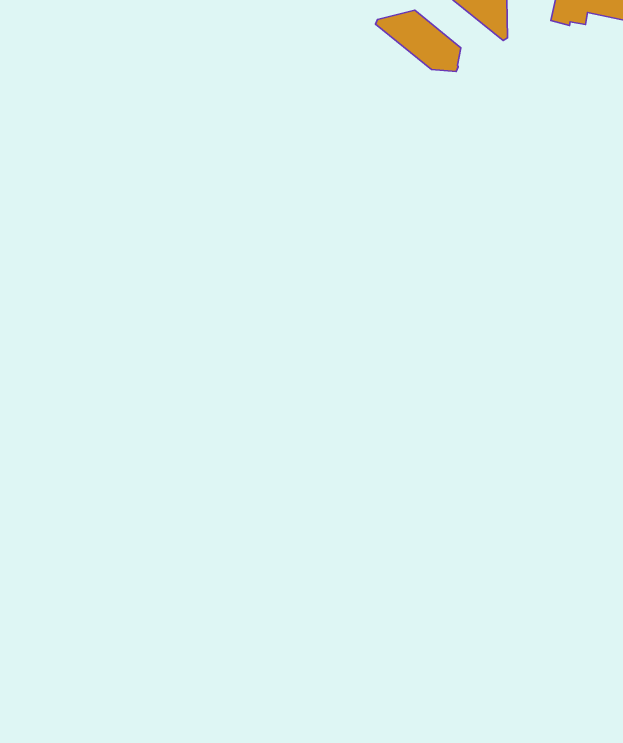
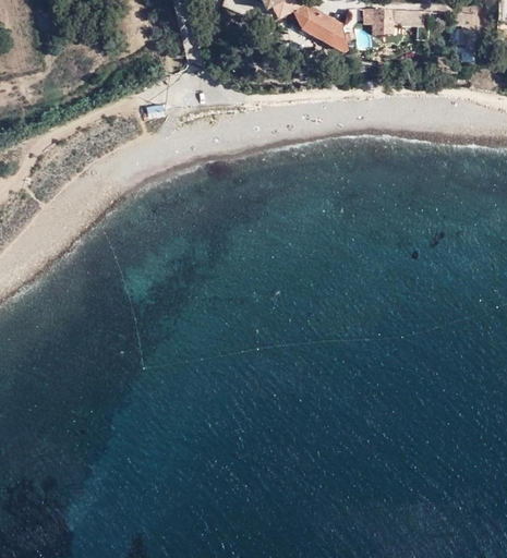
building: [376,10,461,71] -> none

